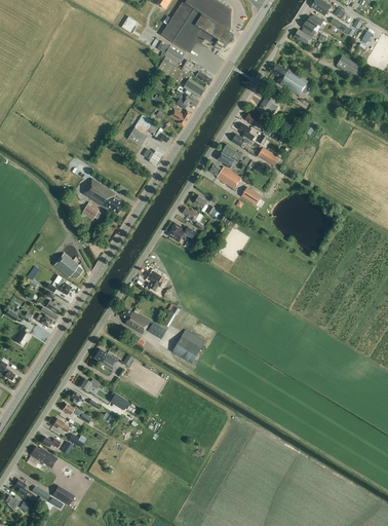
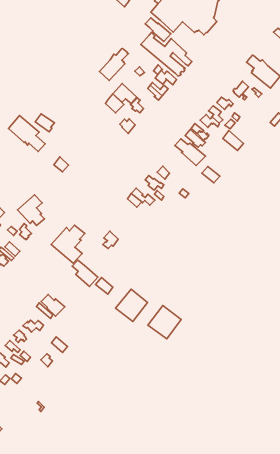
building: none -> [100,48,128,81]
building: [83,178,124,213] -> [9,115,45,152]
building: none -> [51,225,85,263]
building: none -> [148,305,181,339]

